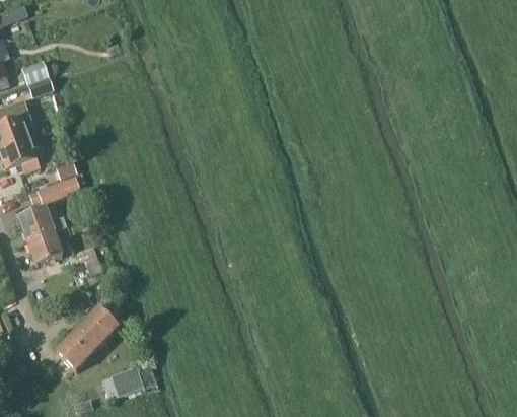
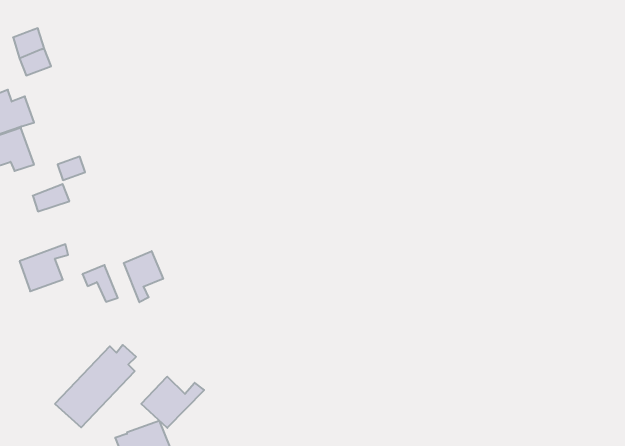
building: [18,206,67,241] -> none
building: none -> [124,251,163,302]
building: none -> [141,377,204,428]

